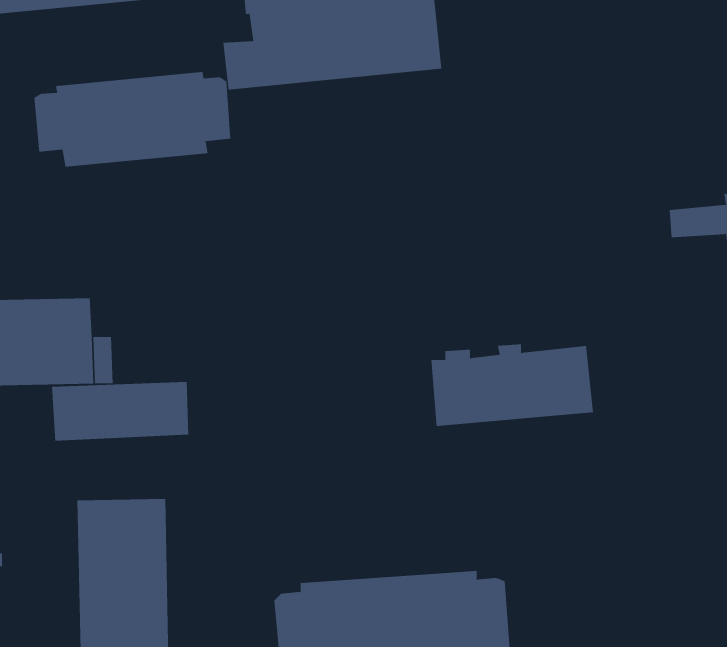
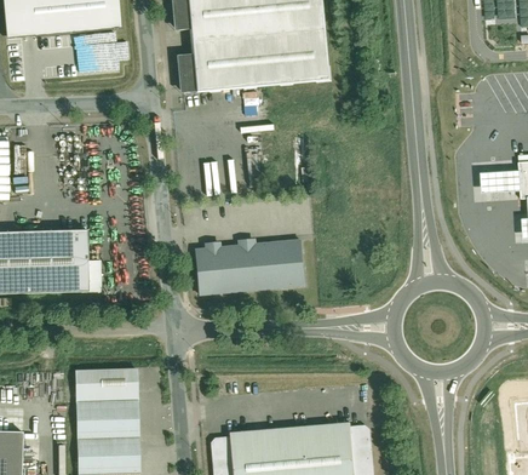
building: [34,71,231,167] -> none
building: [430,344,594,427] -> [194,238,306,294]
building: [51,381,189,442] -> none

